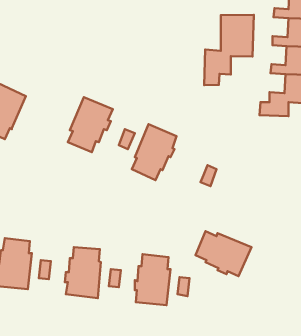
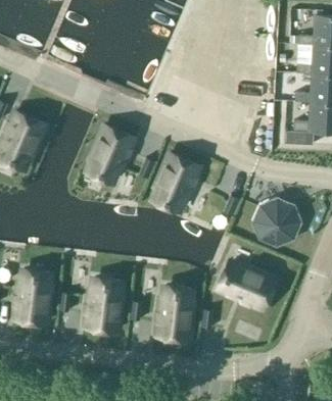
building: [204,15,254,85] -> none
building: none -> [254,200,299,245]

